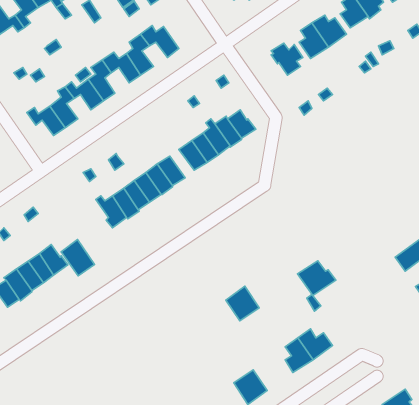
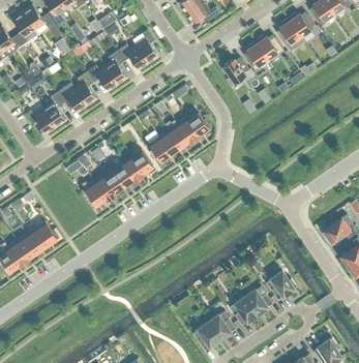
building: none -> [132,30,157,63]
building: [61,239,94,276] -> none
building: [298,261,336,296] -> [265,272,296,300]
building: [226,286,259,321] -> [208,311,235,339]

